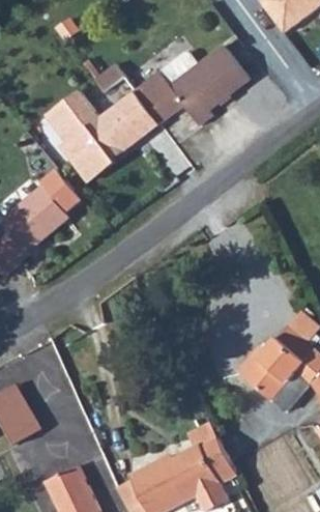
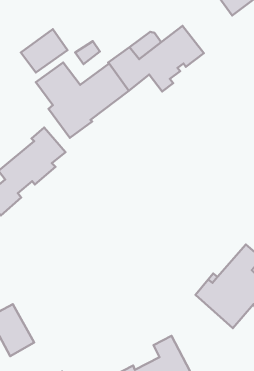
building: none -> [21,29,67,73]

